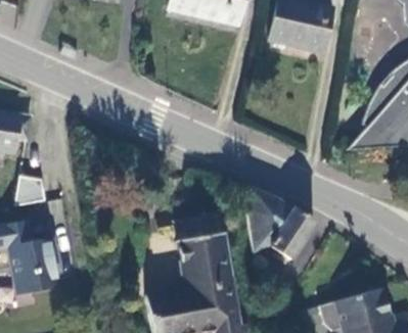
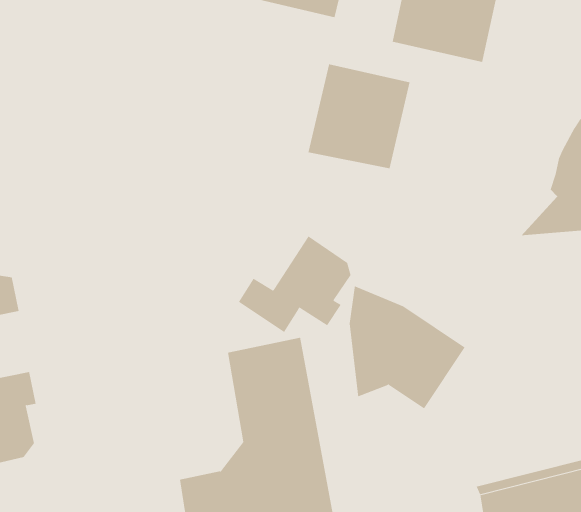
building: none -> [308,63,410,169]
building: none -> [238,236,351,333]

